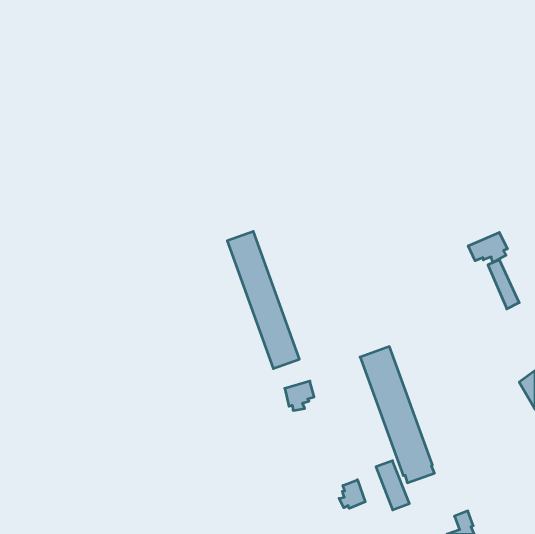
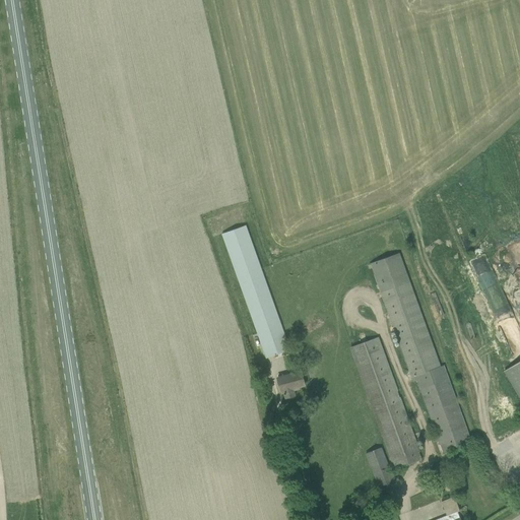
building: [468,232,507,262] -> none
building: none -> [370,252,471,452]
building: [339,480,365,508] -> none

